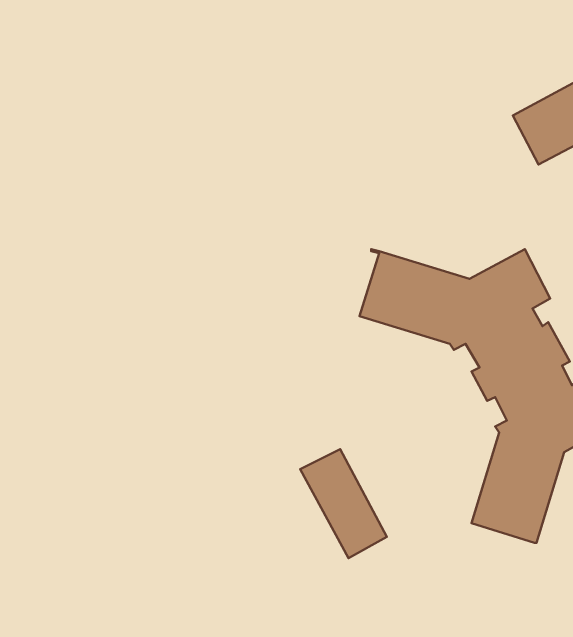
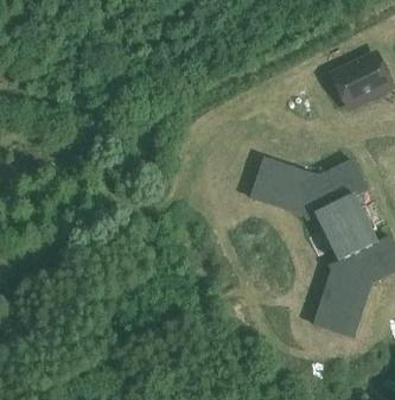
building: [300,449,387,558] -> none

